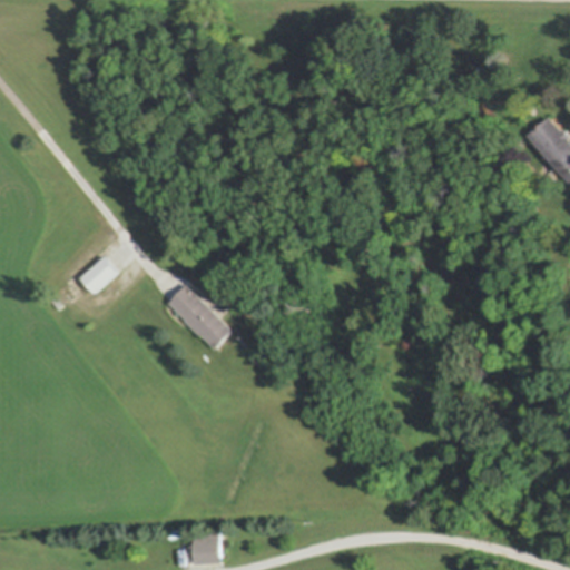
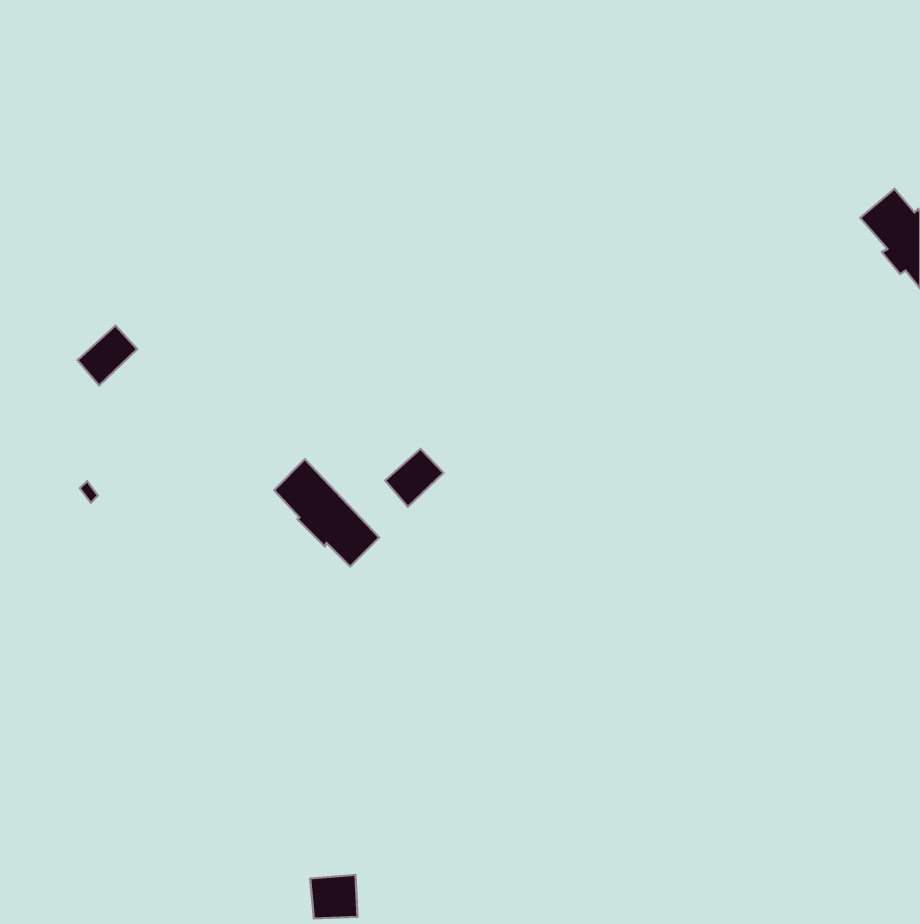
building: [79,257,116,294] -> [77,326,137,385]
building: none -> [385,449,444,507]

